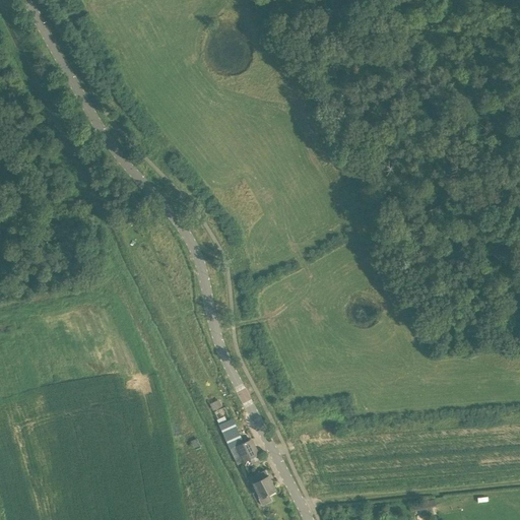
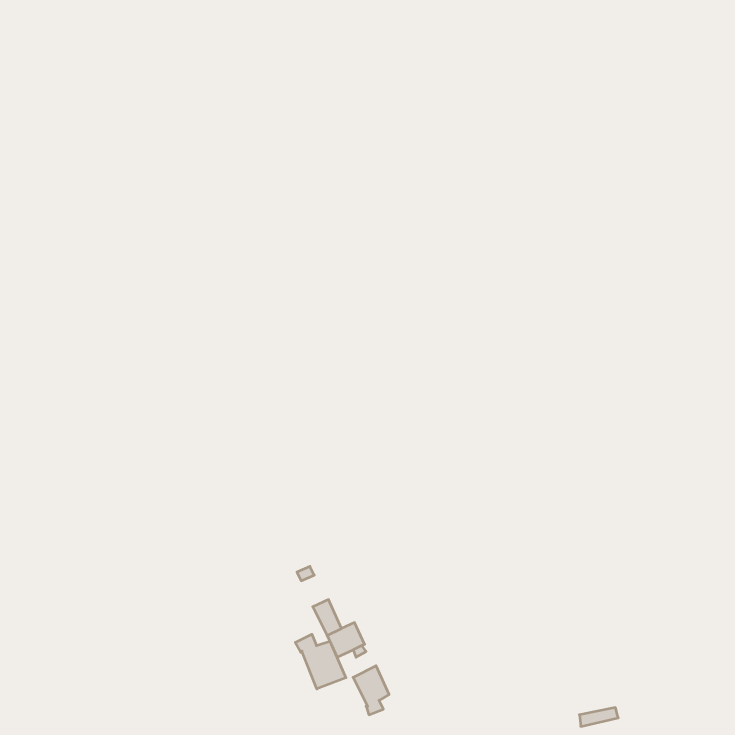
building: none -> [295,634,346,689]

